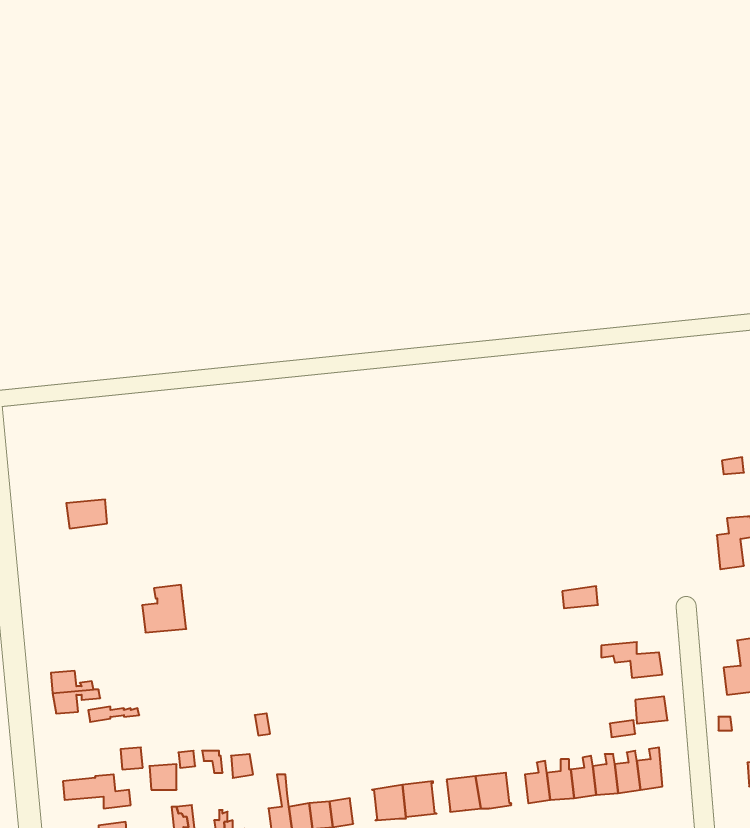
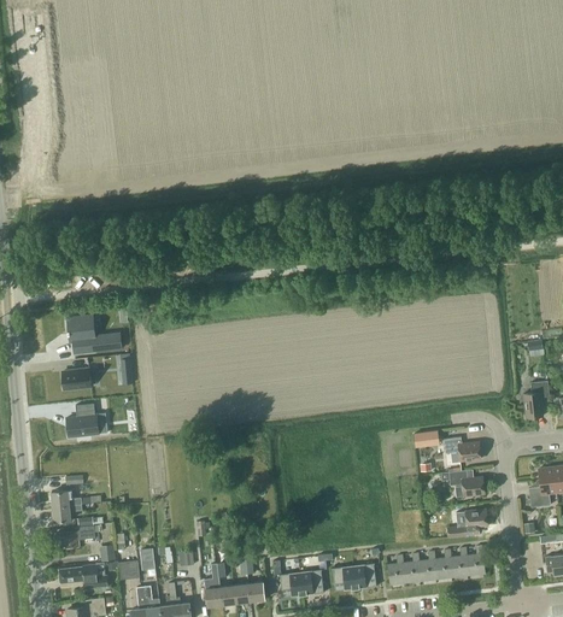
building: none -> [66,315,121,353]
building: [142,585,186,632] -> [66,402,98,436]
building: none -> [444,436,481,460]
building: none -> [55,525,95,548]

